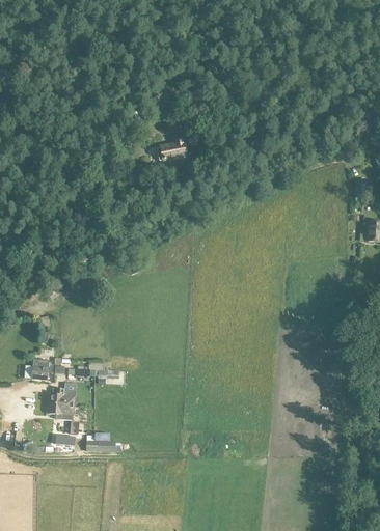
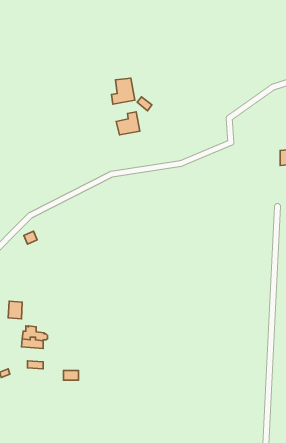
building: none -> [111,78,135,104]

